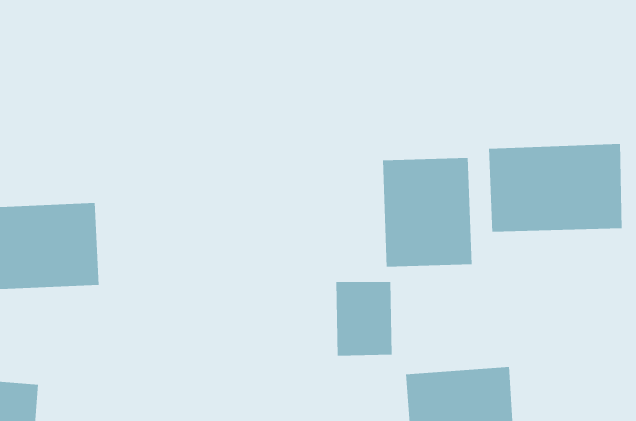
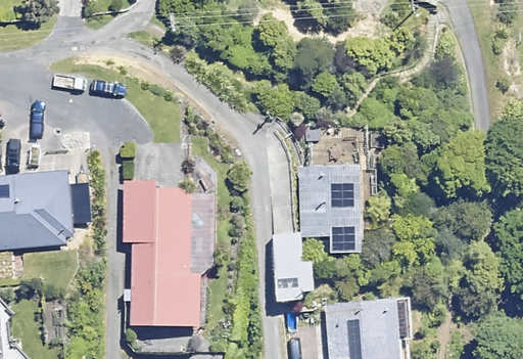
building: [489,143,622,232] -> none
building: none -> [131,184,209,328]

